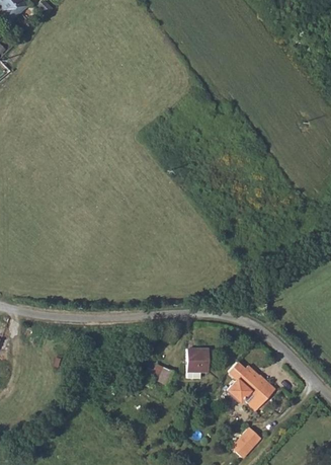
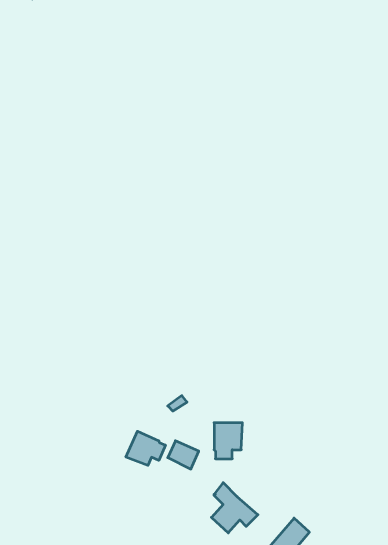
building: none -> [126,431,165,465]
building: [228,362,264,401] -> [211,483,258,533]

